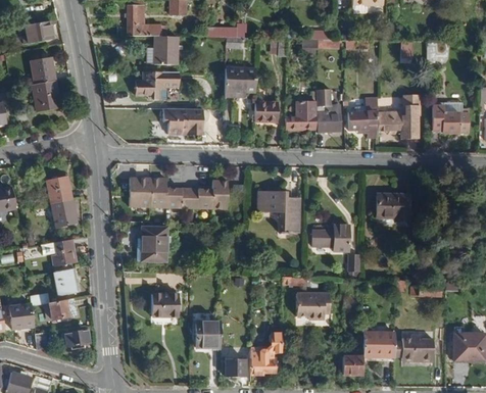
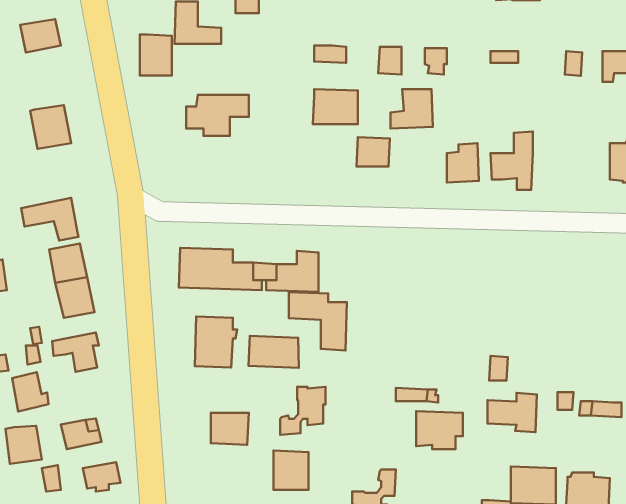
building: [155,35,178,63] -> [140,35,172,75]
building: [26,54,50,81] -> none
building: [379,94,420,139] -> none
building: [287,101,317,129] -> [391,89,433,128]
building: [164,107,202,134] -> none
building: none -> [21,198,78,240]
building: [259,191,300,232] -> [289,292,347,350]
building: [377,193,410,220] -> none
building: [314,224,349,251] -> [487,393,537,432]
building: none -> [248,336,299,368]
building: [48,267,74,295] -> [12,372,49,412]
building: none -> [280,387,325,435]

